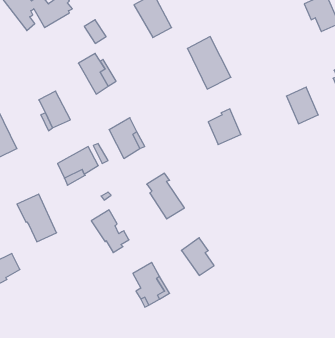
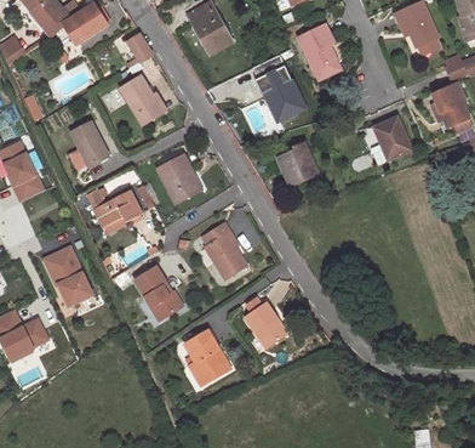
building: none -> [298,24,339,79]

